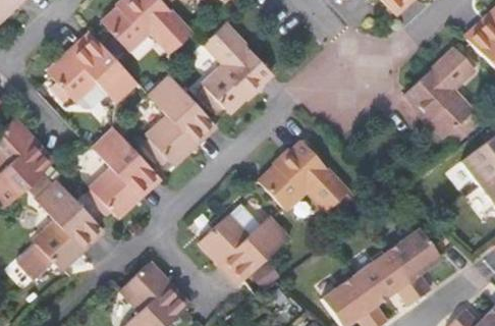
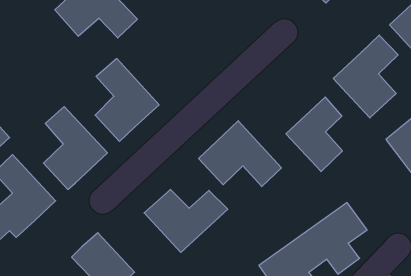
building: [203,21,271,111] -> none
building: [49,32,138,102] -> none
building: none -> [286,97,342,172]

